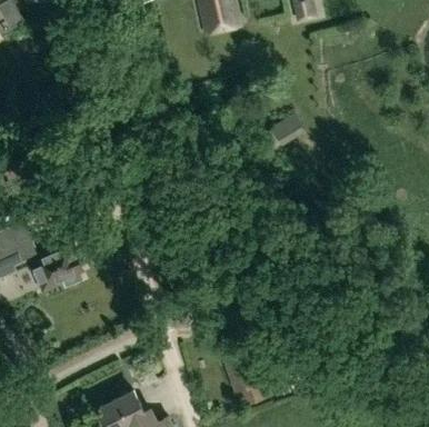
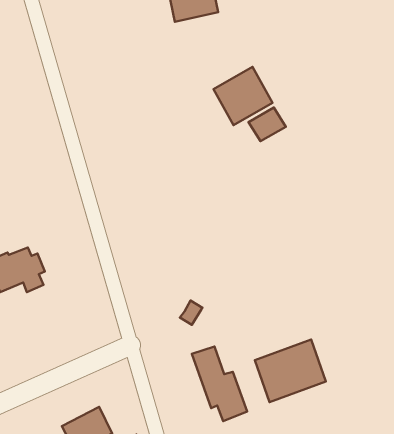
building: none -> [213,67,273,125]
building: none -> [255,340,326,402]

